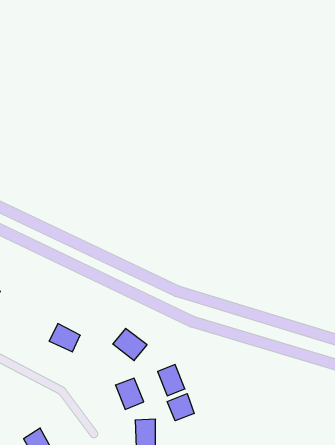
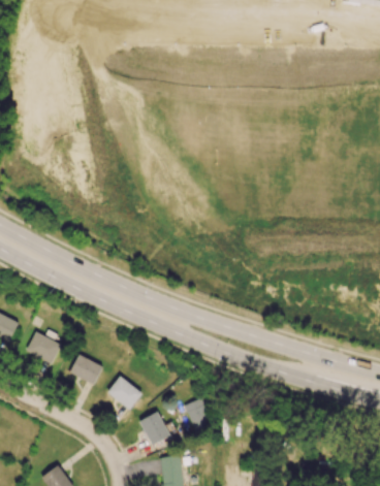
building: none -> [26,331,61,364]
building: [113,328,147,361] -> [106,376,142,410]
building: [167,394,194,421] -> none

